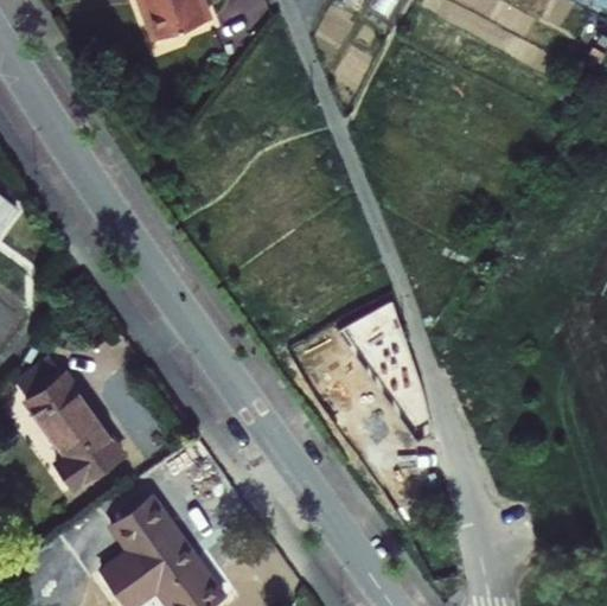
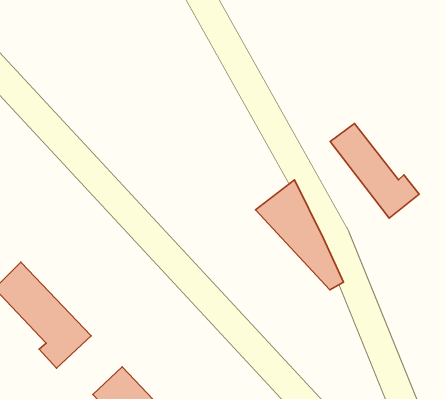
building: none -> [330,123,419,218]

